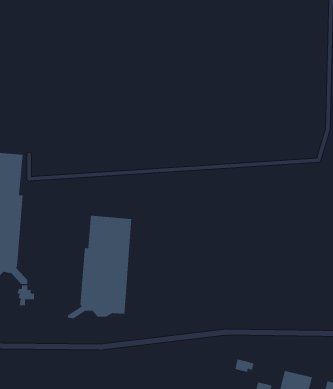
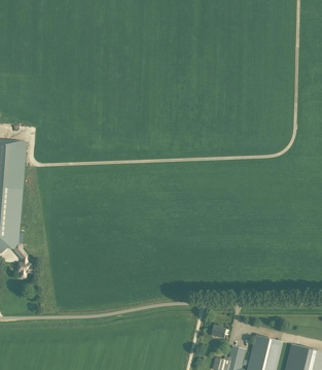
building: [67,215,132,319] -> none

